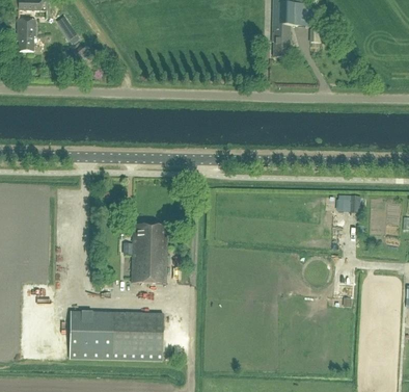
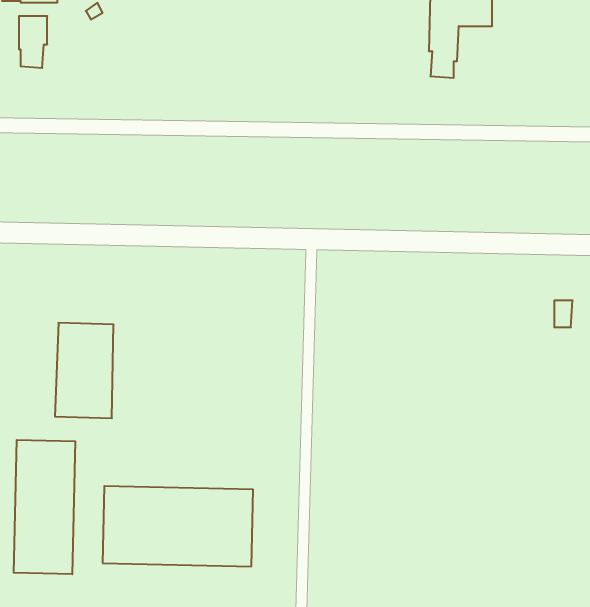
building: [130,223,166,282] -> [55,323,114,418]
building: none -> [14,440,75,574]

